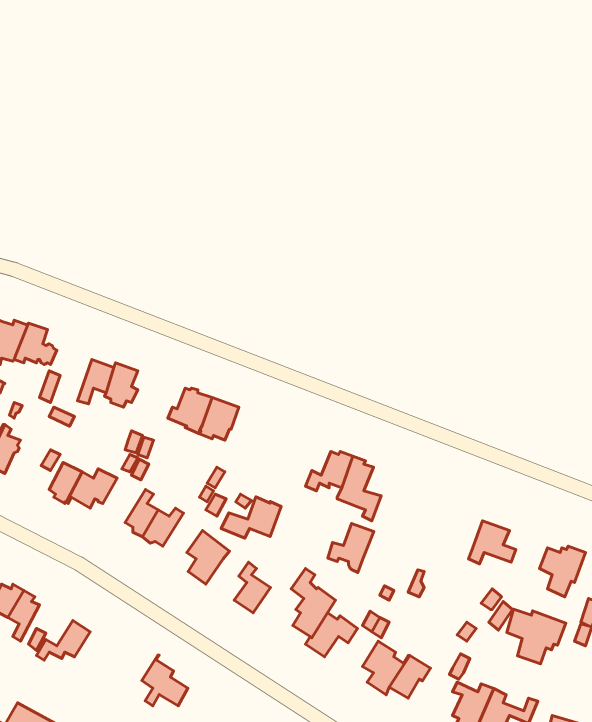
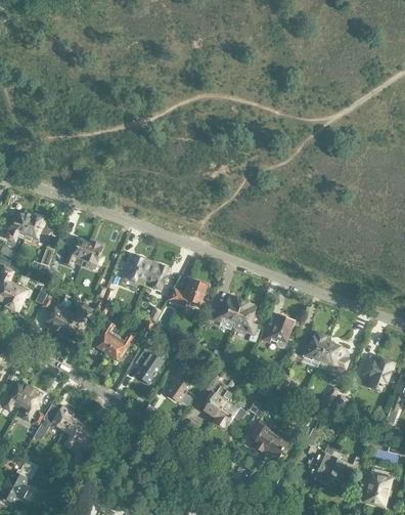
building: [221,497,281,538] -> [168,278,207,305]
building: none -> [299,332,328,367]
building: [328,524,374,573] -> [263,316,292,348]
building: [507,609,566,664] -> none
building: [142,655,188,706] -> [62,414,92,446]

